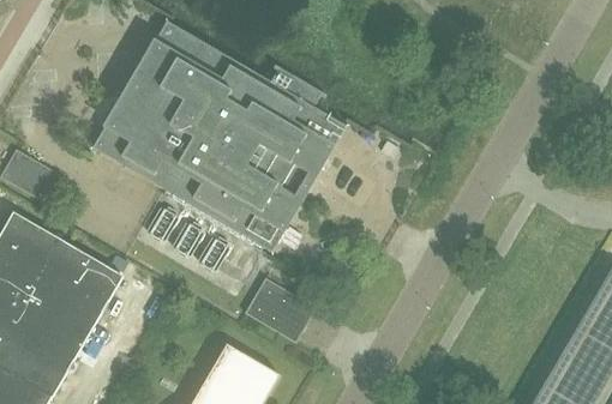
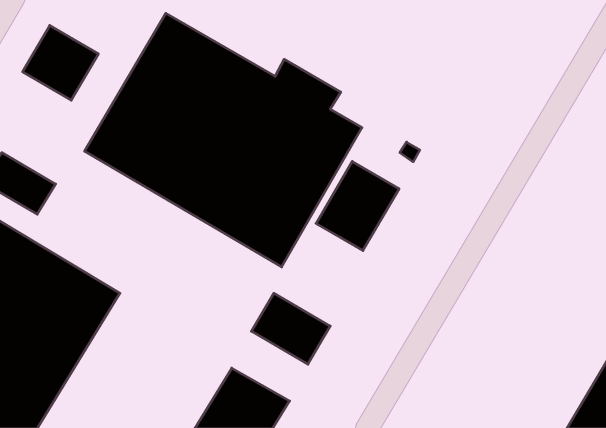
building: none -> [23,25,98,100]
building: none -> [316,161,399,251]

